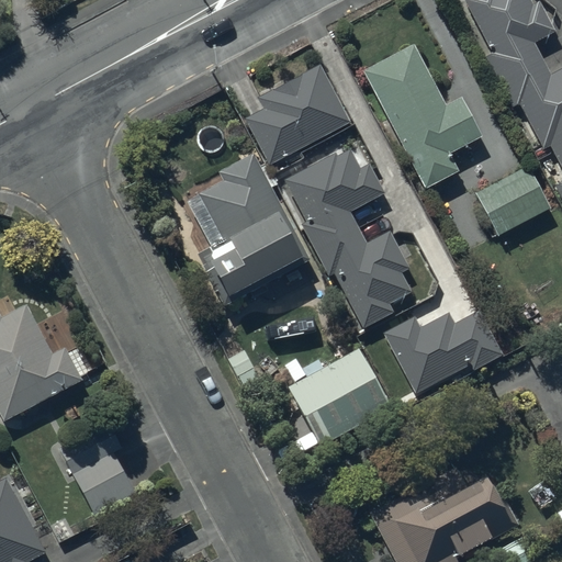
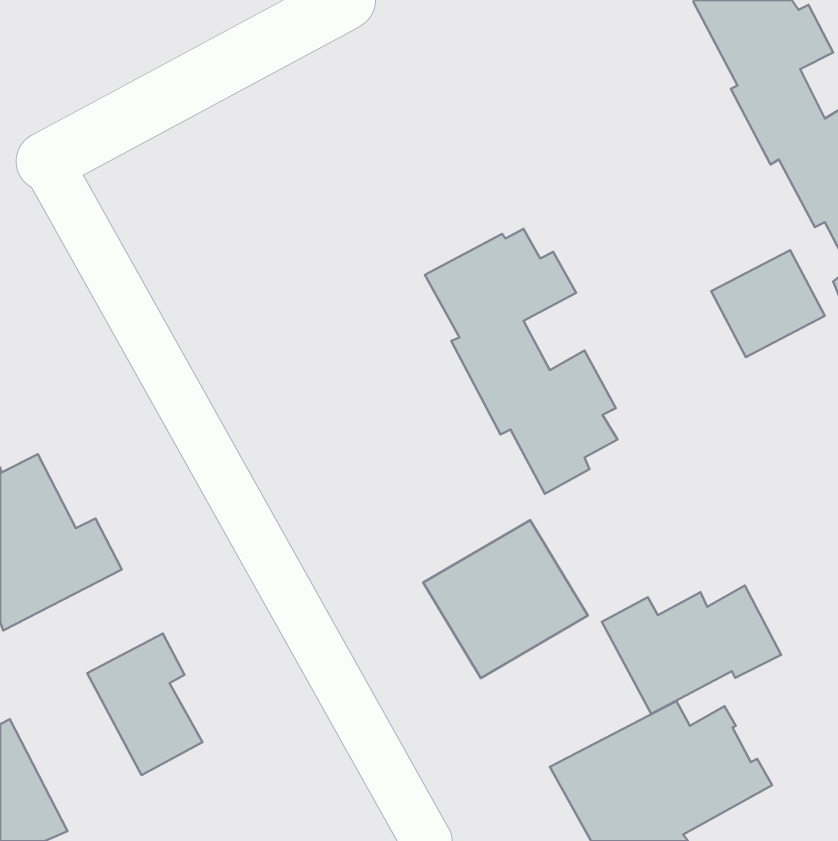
building: [361,42,482,187] -> none
building: [245,64,351,166] -> none
building: [191,154,299,296] -> none
building: [381,308,501,394] -> [602,586,781,714]

